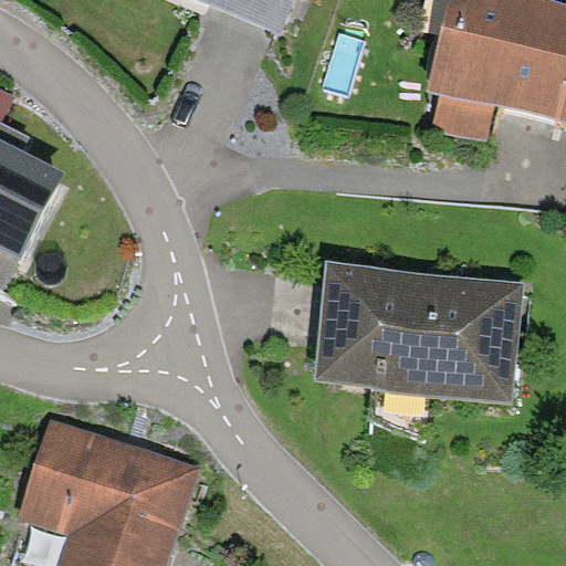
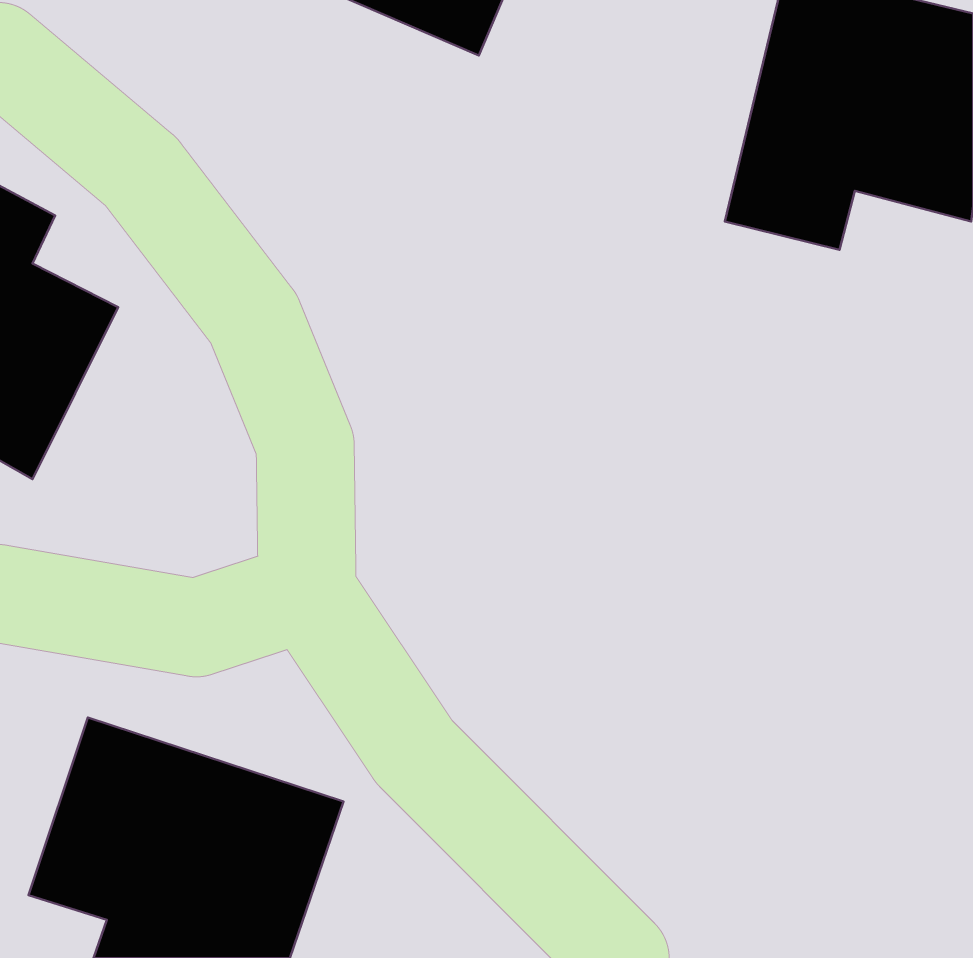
building: [316,265,520,396] -> none

